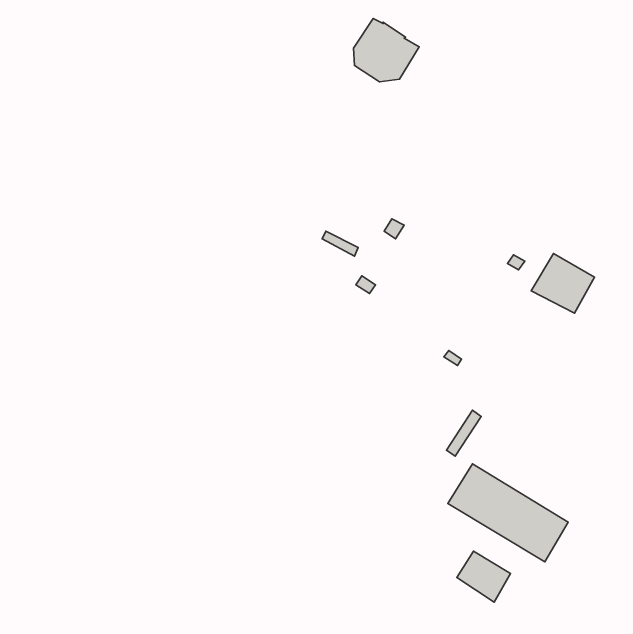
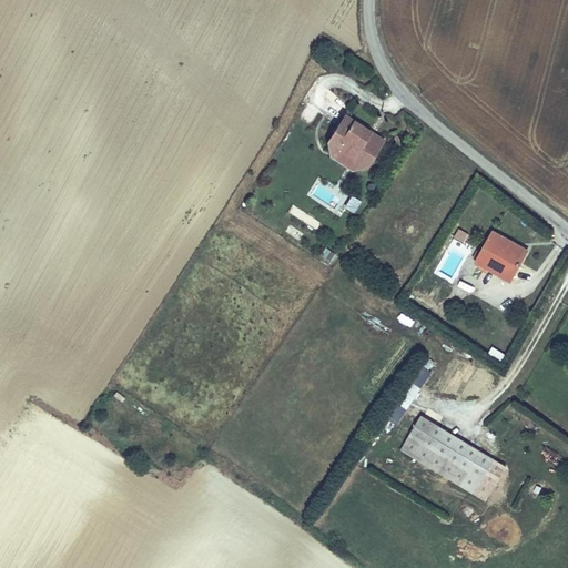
building: [353,18,419,82] -> [326,113,385,170]
building: [457,551,511,602] -> none

